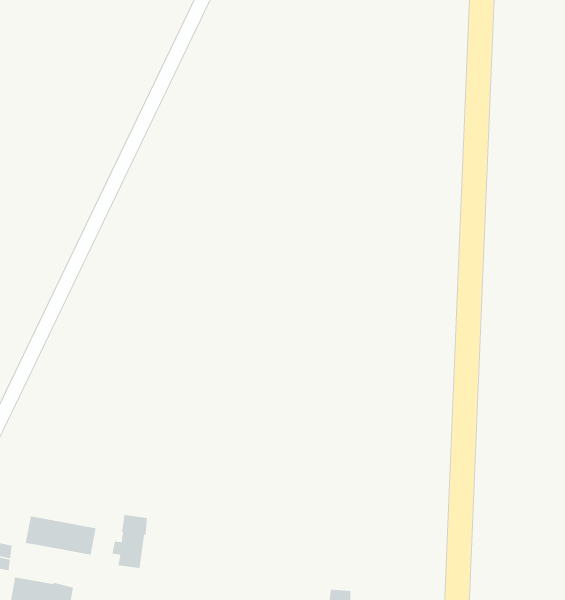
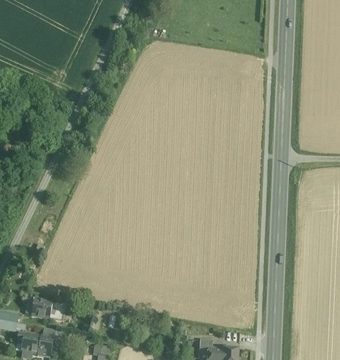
building: [111,514,148,569] -> none

